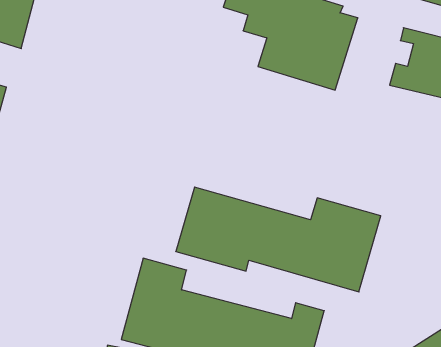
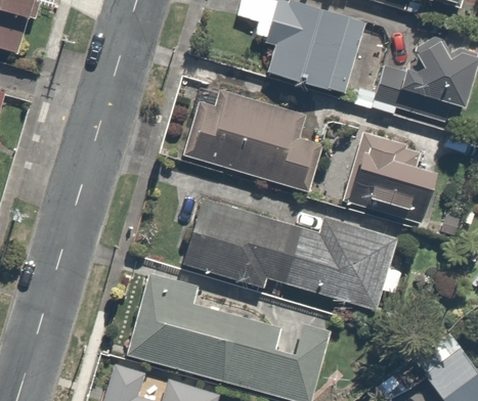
building: none -> [191,91,315,185]
building: none -> [348,131,443,214]

